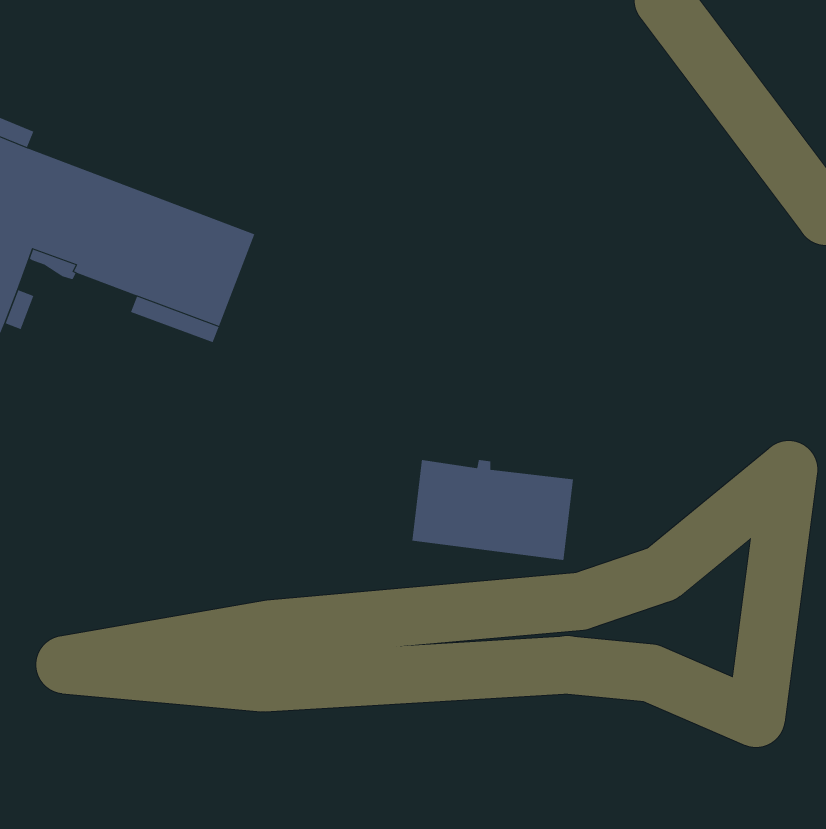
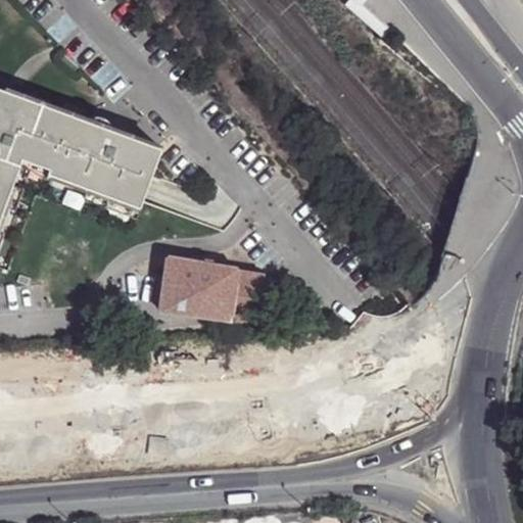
building: [411,460,574,560] -> [158,256,260,320]

